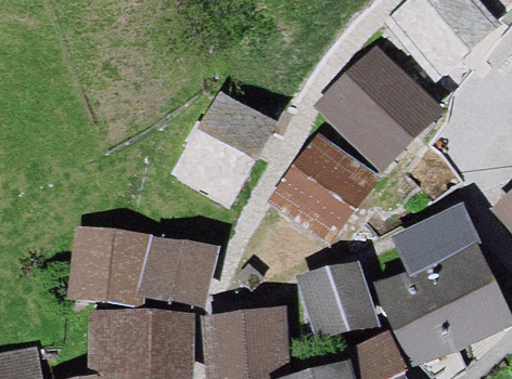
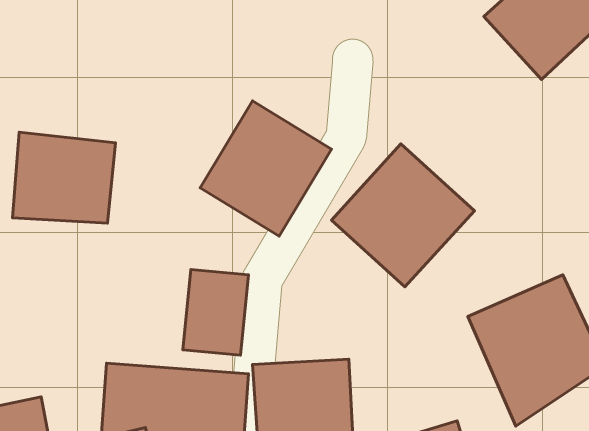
building: [325,38,452,165] -> none
building: [75,226,158,300] -> [12,132,115,223]
building: [303,266,387,345] -> none

